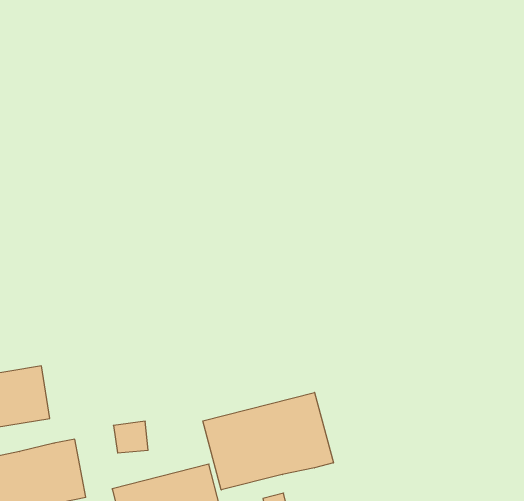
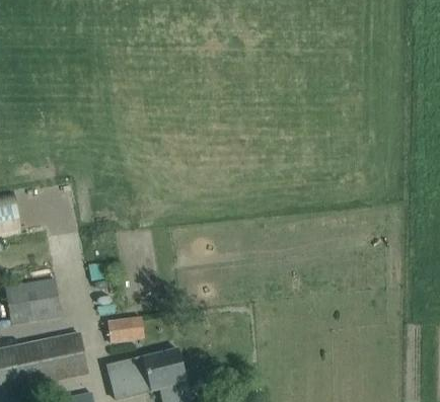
building: [203,392,333,490] -> none

